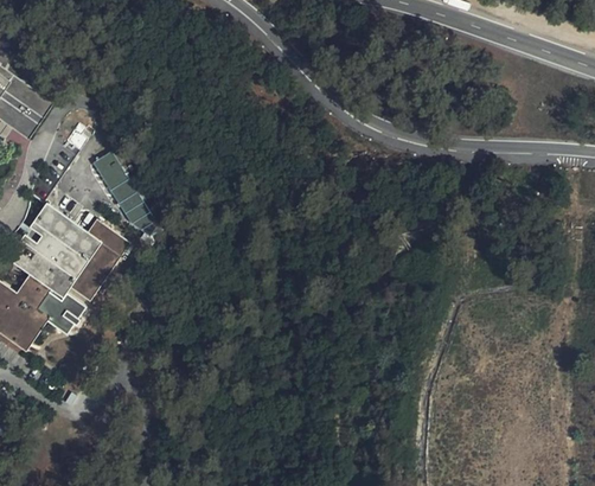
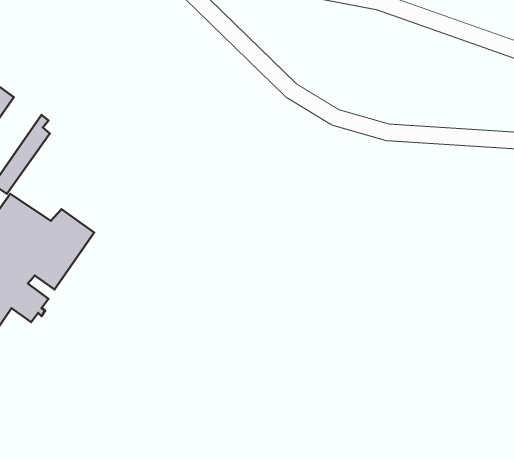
building: [91,151,155,231] -> none

